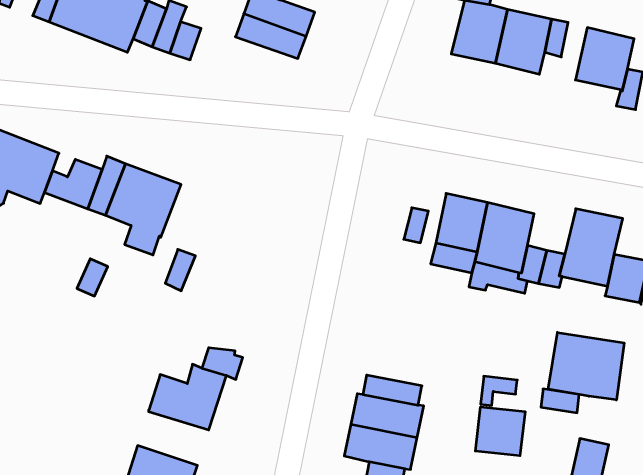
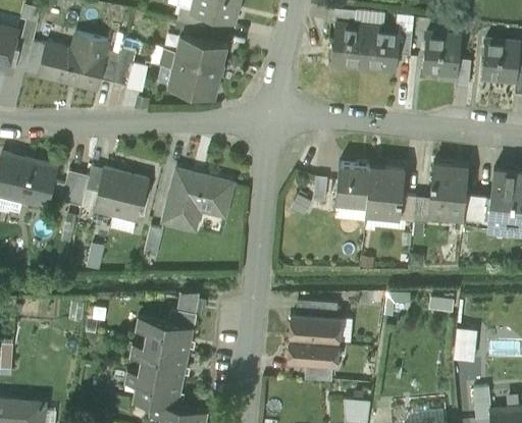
building: none -> [169,69,220,98]
building: none -> [158,165,232,229]
building: [548,332,624,400] -> none
building: [475,407,525,456] -> none
building: none -> [138,347,188,381]

